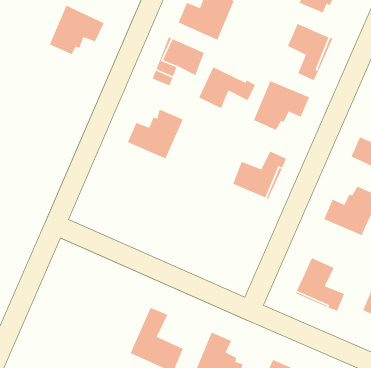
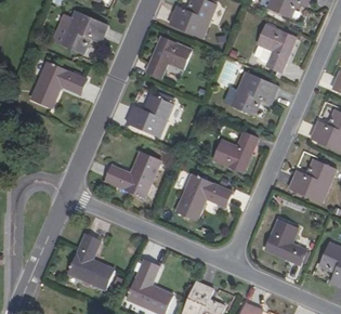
building: [198,66,256,109] -> none
building: none -> [30,61,86,106]
building: none -> [104,151,159,196]
building: none -> [175,173,232,220]
building: none -> [68,235,114,289]

